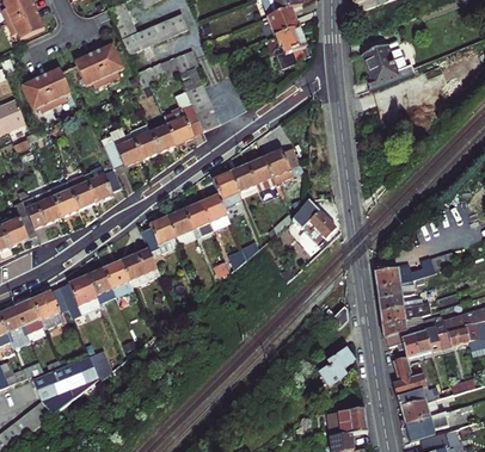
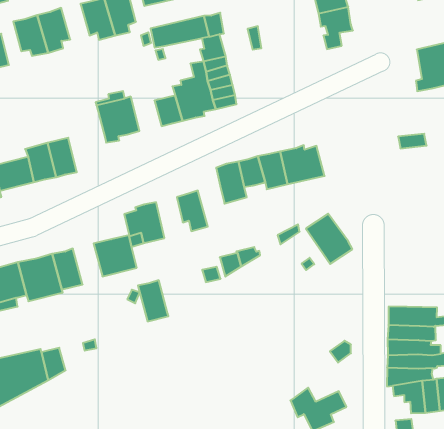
building: [128,123,159,160] -> none
building: [82,166,121,203] -> none
building: [198,194,229,230] -> none
building: [165,210,194,246] -> none
building: [102,260,131,296] -> [138,280,168,321]

